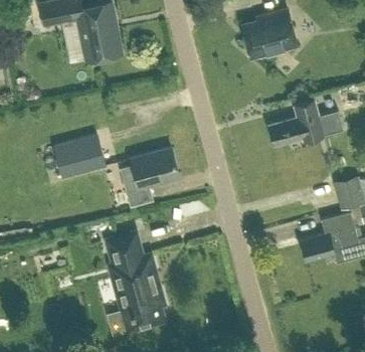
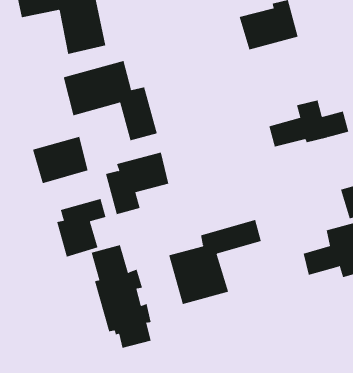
building: none -> [63,60,157,141]
building: none -> [57,198,106,257]
building: none -> [168,219,261,305]

